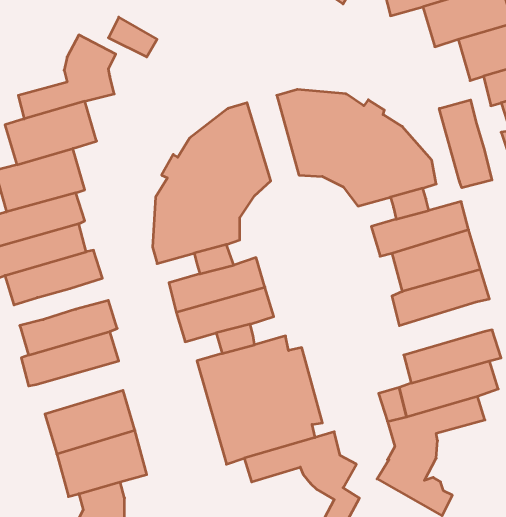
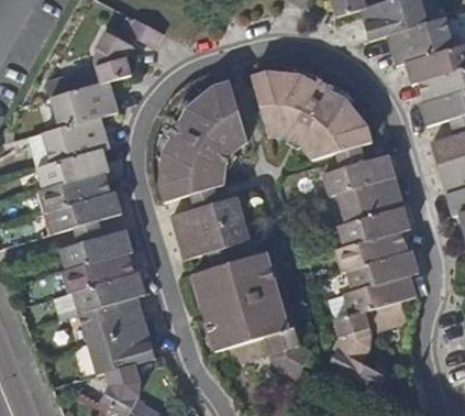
building: [439,100,492,188] -> none
building: none -> [335,230,407,272]
building: none -> [73,272,146,314]

